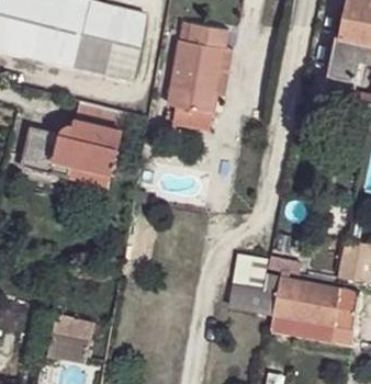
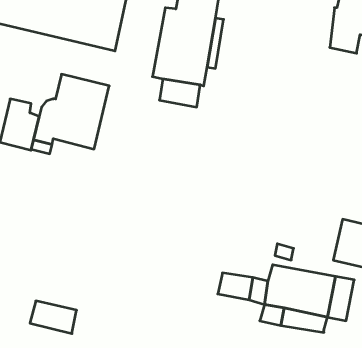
building: [232,253,268,287] -> none

